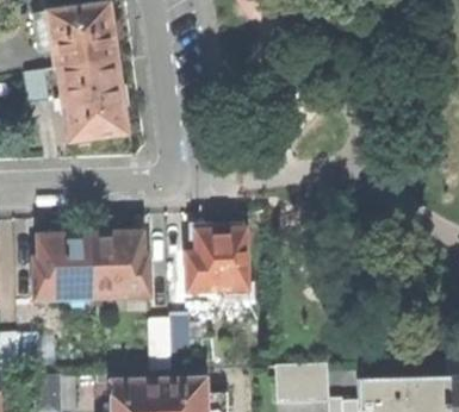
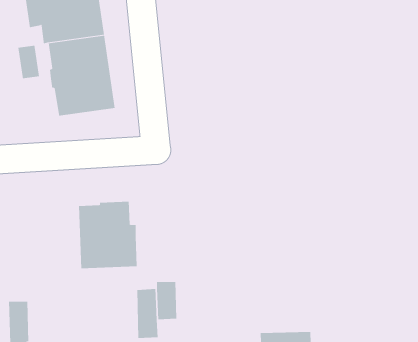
building: [184,224,248,289] -> none
building: [31,231,92,299] -> none

